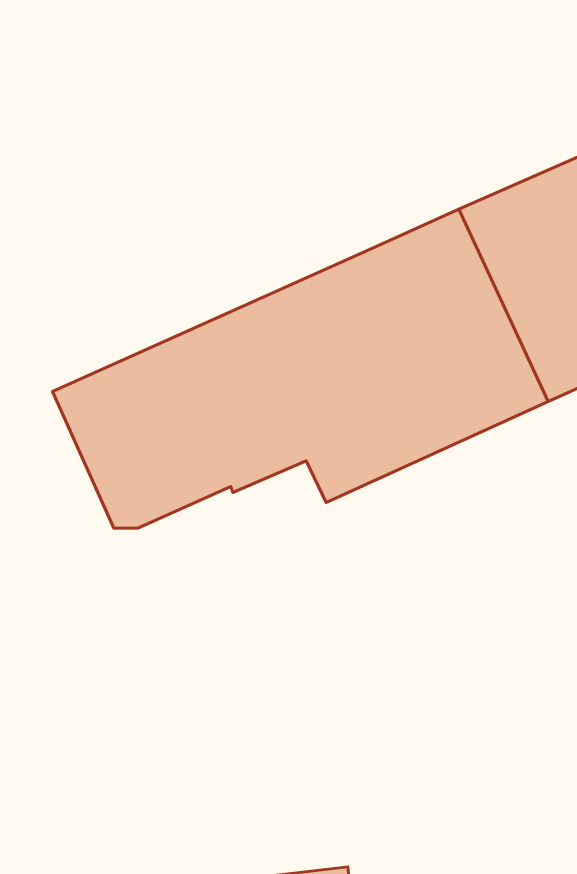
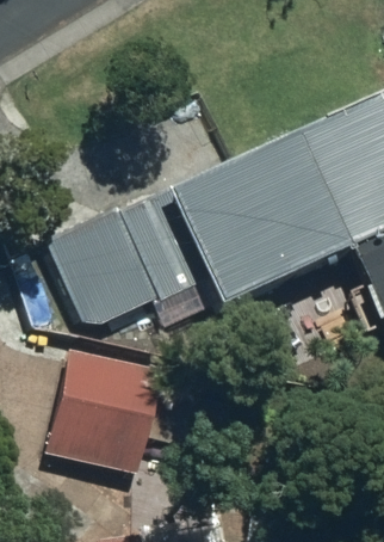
building: none -> [48,347,159,474]

